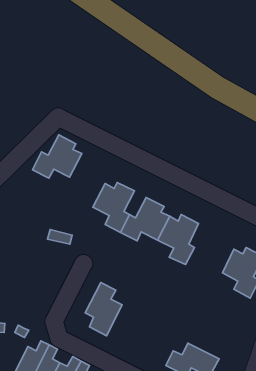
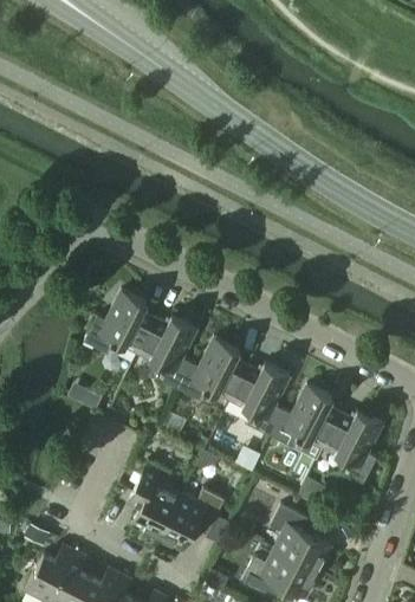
building: [32,135,82,178] -> [83,290,154,352]
building: none -> [270,384,339,446]
building: none -> [156,487,223,550]
building: none -> [270,501,330,570]

